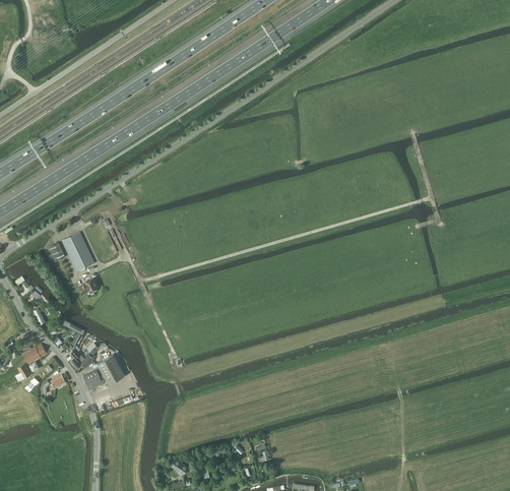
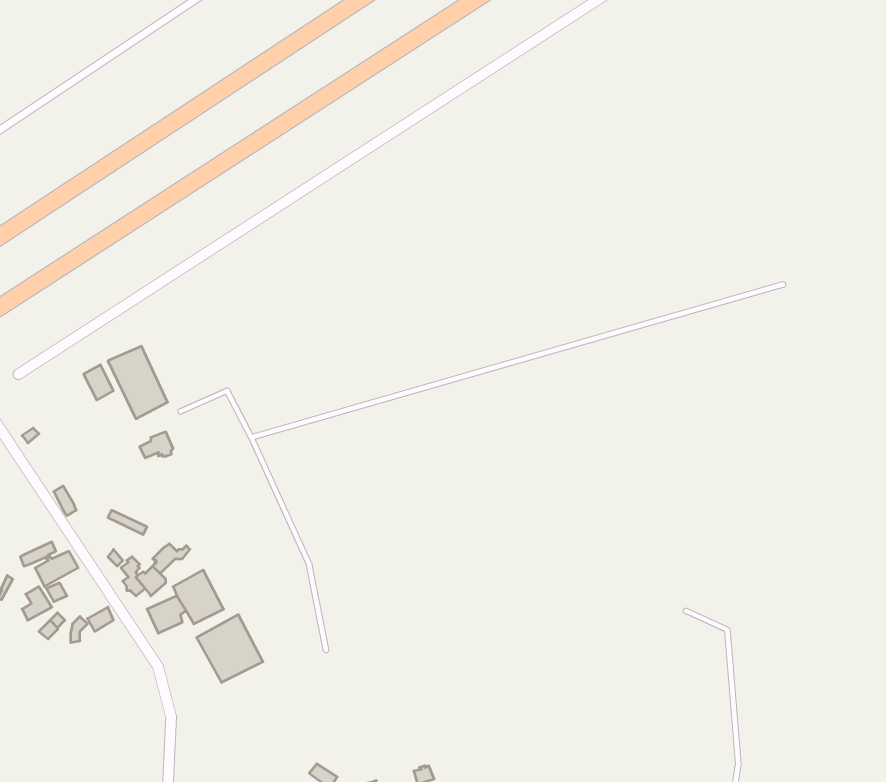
building: none -> [197,615,263,682]

